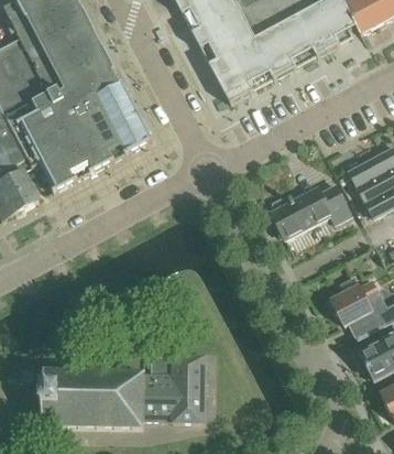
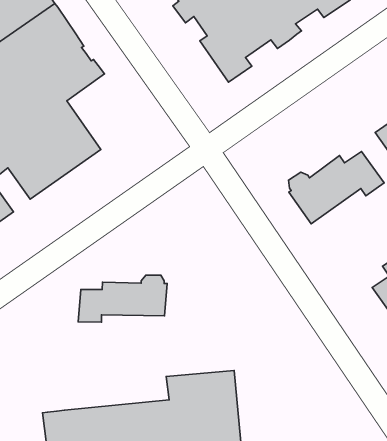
building: [95,94,152,156] -> none
building: none -> [78,275,167,322]

